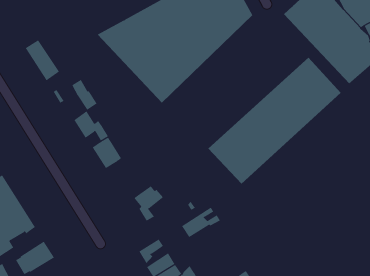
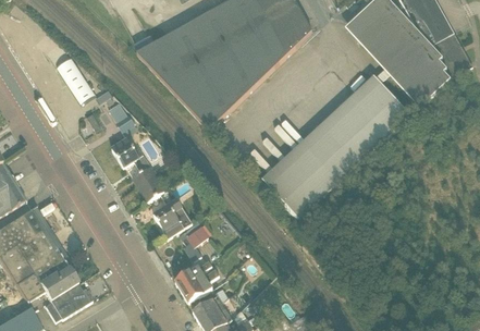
building: none -> [151,186,189,236]
building: [181,207,221,238] -> [173,259,218,294]
building: none -> [38,267,76,299]

